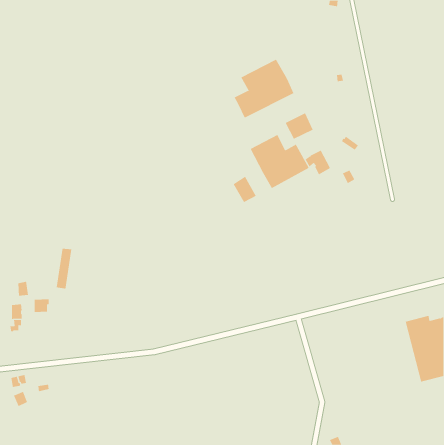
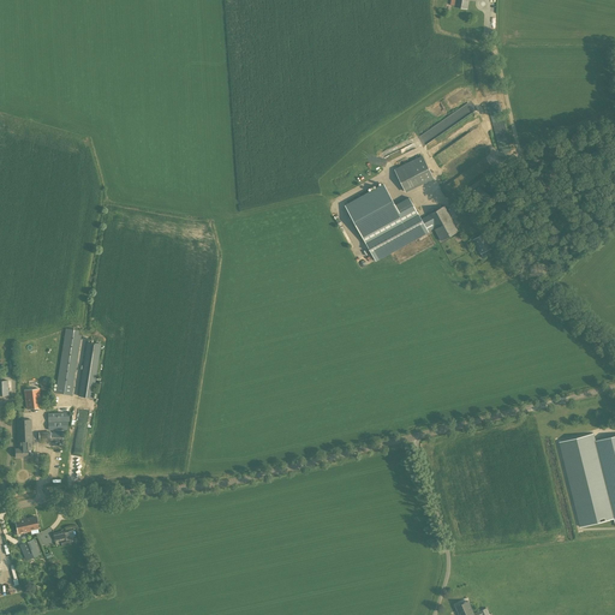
building: [234,59,294,118] -> none
building: [233,176,257,203] -> none
building: none -> [54,329,80,395]

